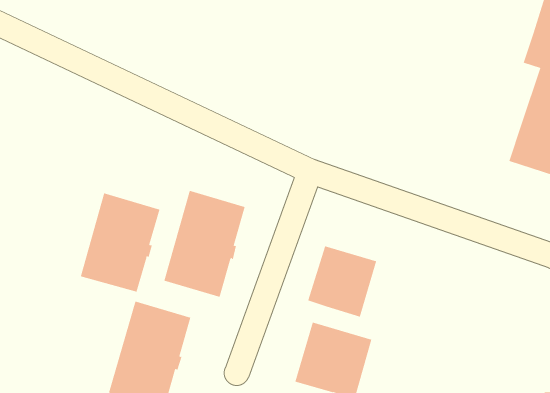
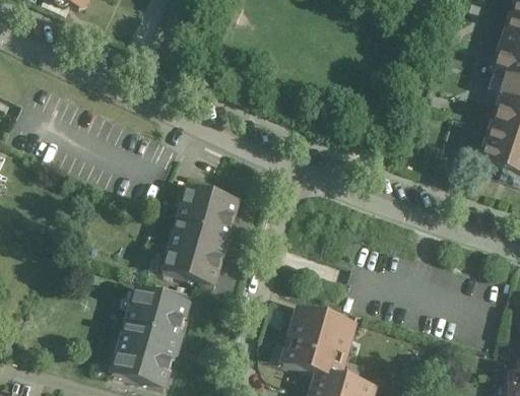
building: [80,193,160,292] -> none
building: [308,245,377,318] -> none

